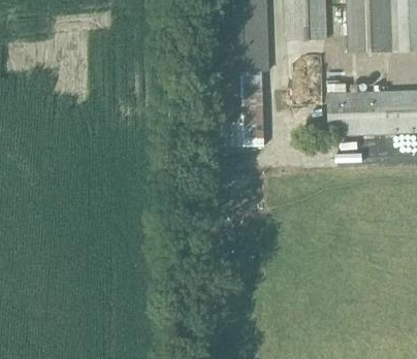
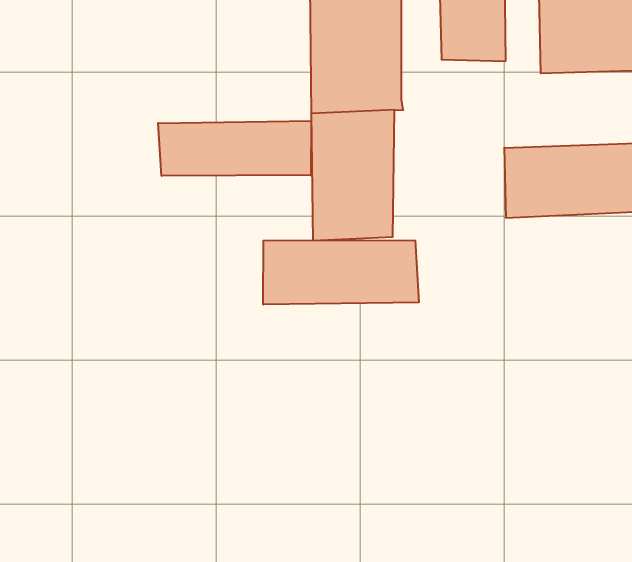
building: none -> [158,121,311,176]
building: none -> [263,240,419,305]

